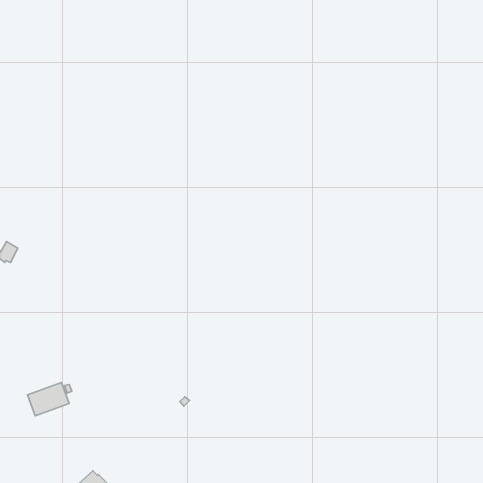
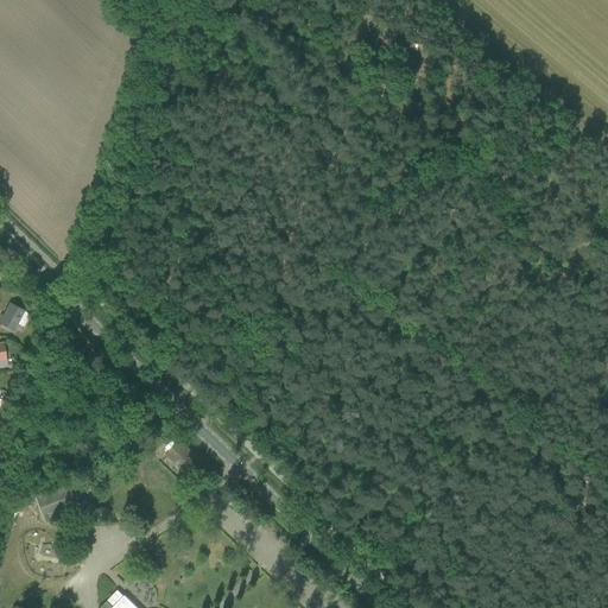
building: none -> [164,442,198,476]

